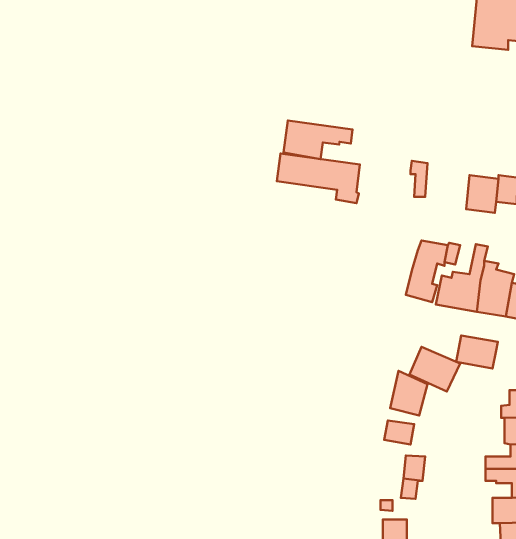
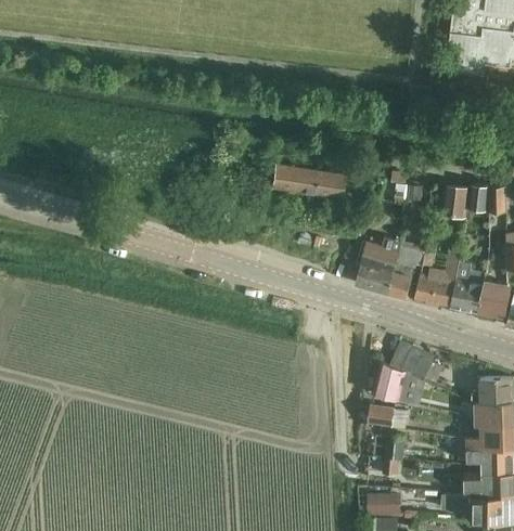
building: [284,121,353,159] -> none
building: none -> [350,236,402,292]
building: [456,335,498,368] -> none

